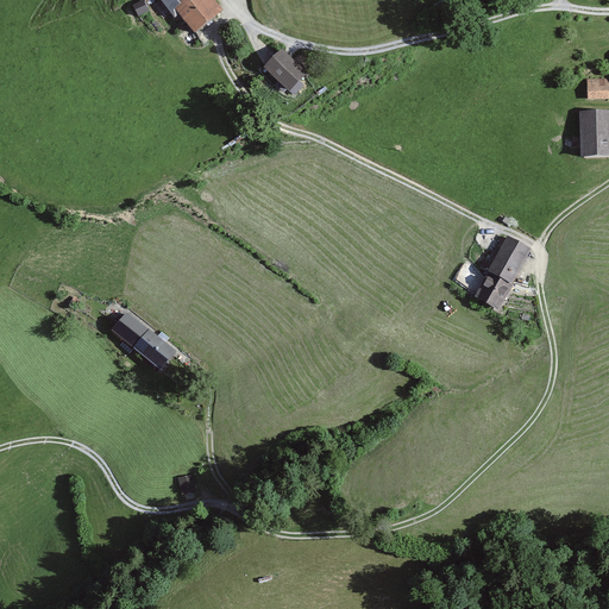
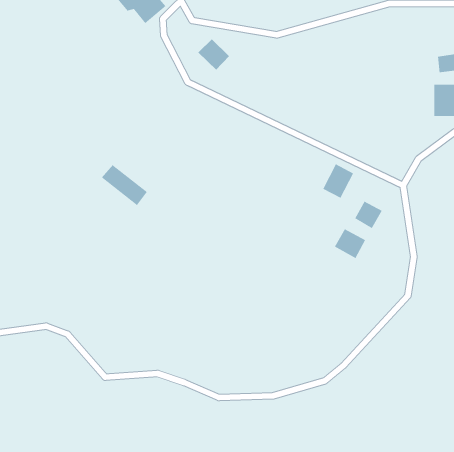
building: [488,233,530,281] -> [322,163,354,199]
building: none -> [334,228,366,259]
building: [112,312,175,368] -> [101,164,148,206]

